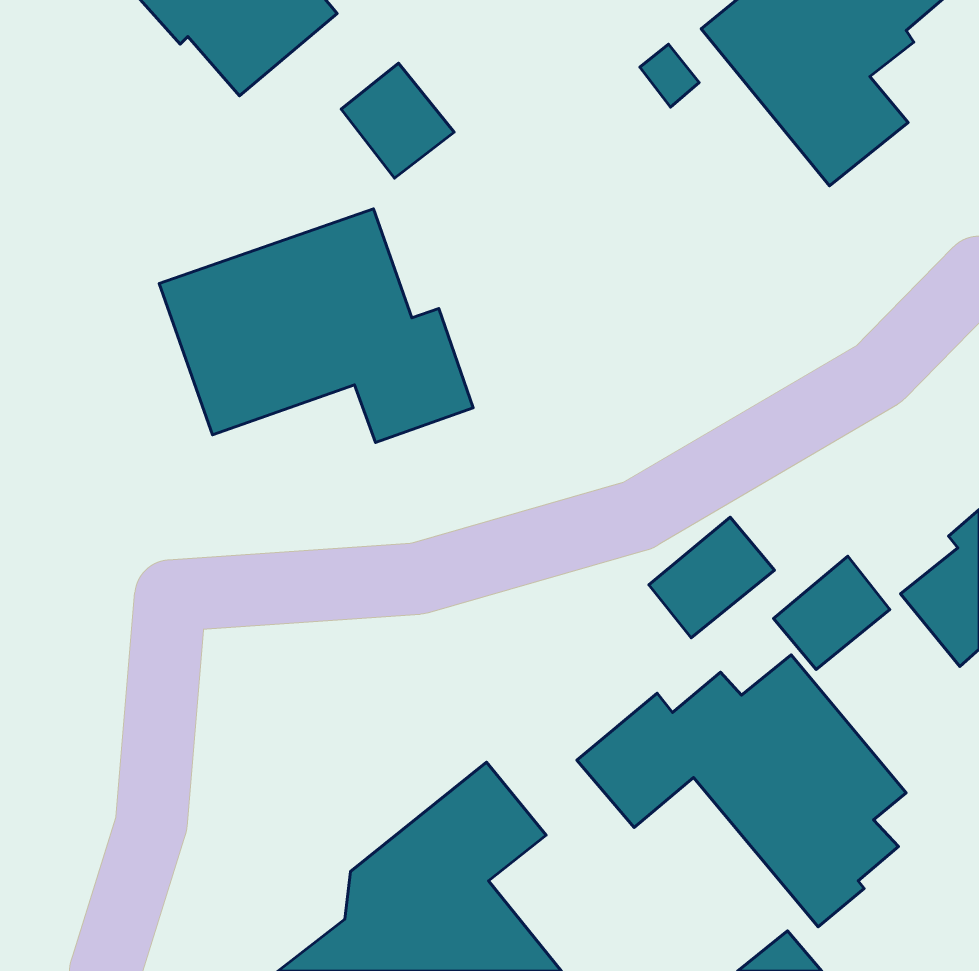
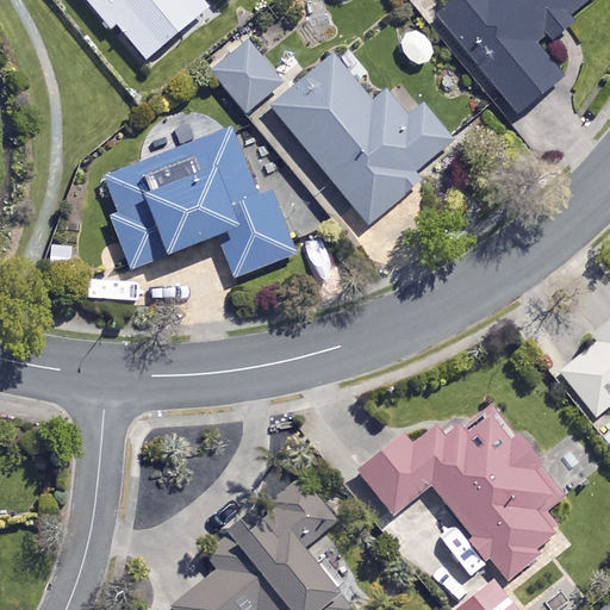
building: none -> [272,54,454,224]
building: [649,517,775,638] -> none
building: [774,556,890,670] -> none

